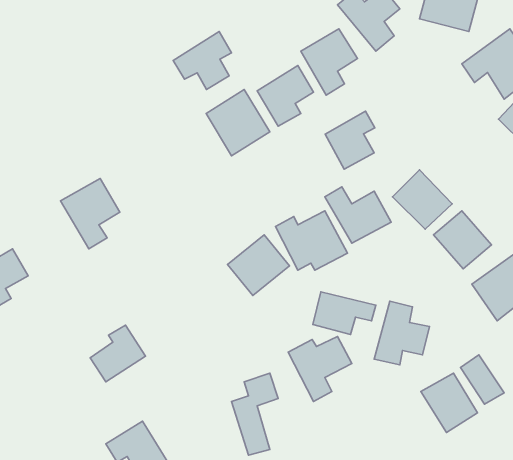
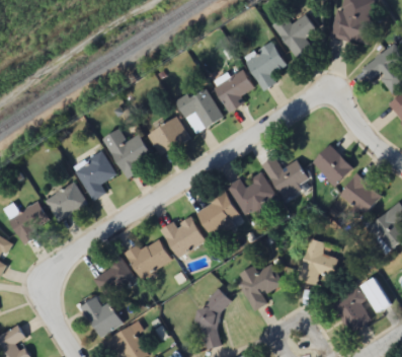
building: [173,32,231,89] -> none
building: [325,111,375,169] -> none
building: none -> [147,119,188,156]
building: none -> [103,130,154,177]
building: none -> [45,183,87,222]
building: none -> [161,216,206,258]
building: [313,292,376,334] -> none
building: none -> [125,239,172,280]
building: none -> [81,298,123,339]

